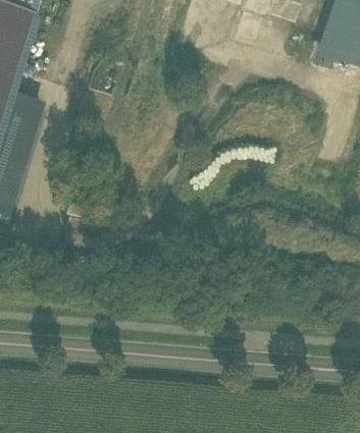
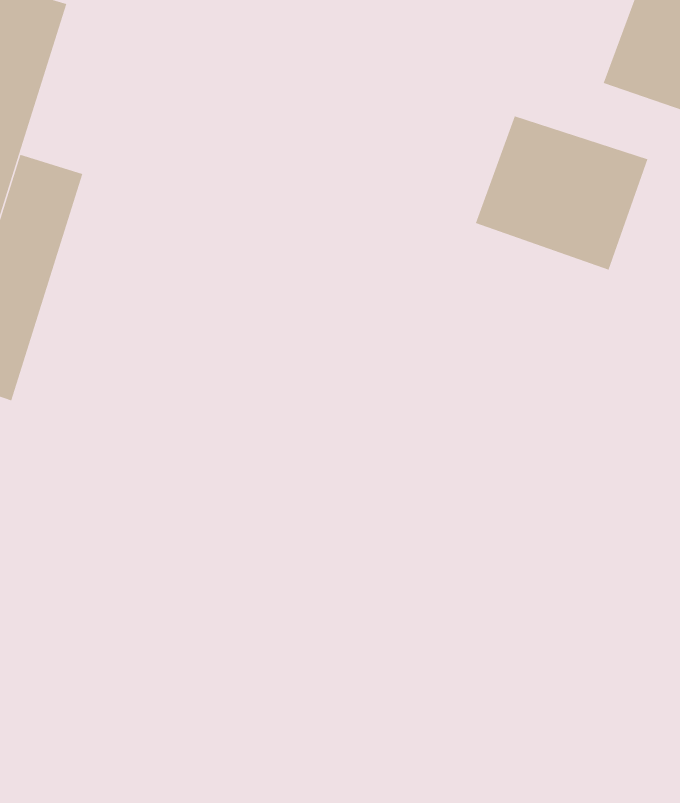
building: none -> [475,115,648,270]

